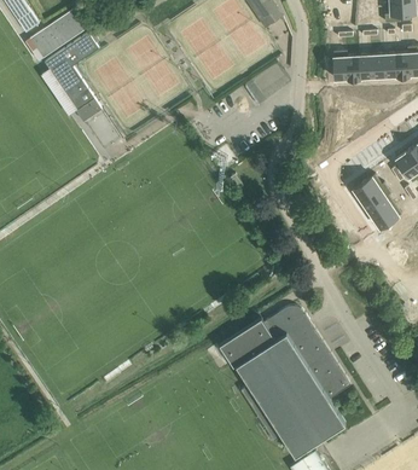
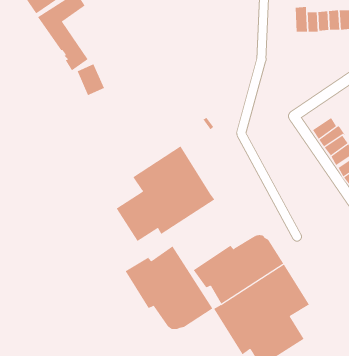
building: none -> [116,146,215,242]
building: none -> [125,246,213,330]

